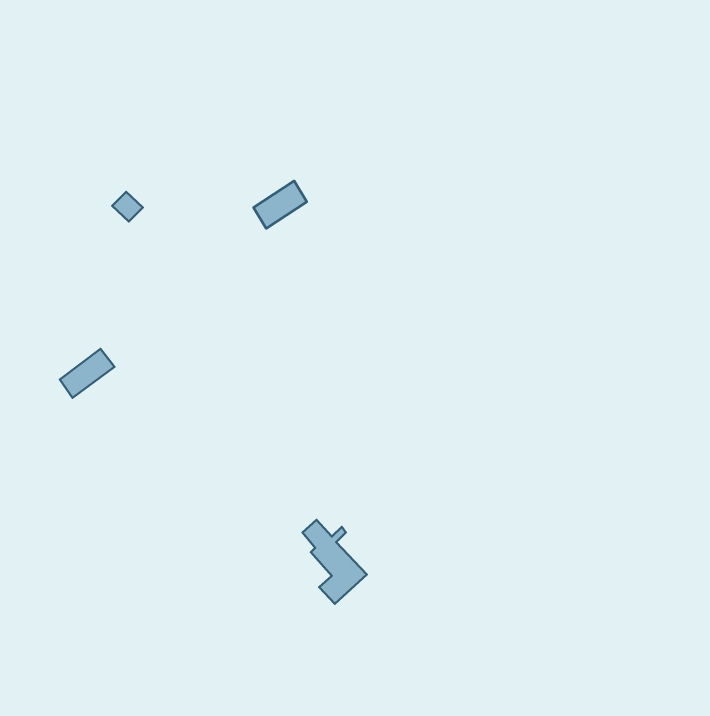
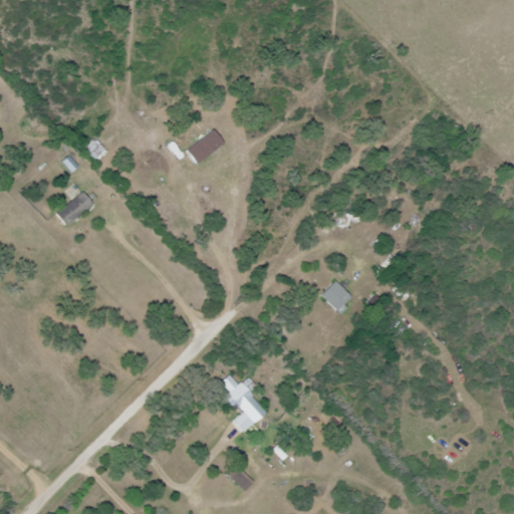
building: [60,349,115,398] -> [55,191,94,226]
building: none -> [320,280,354,314]

